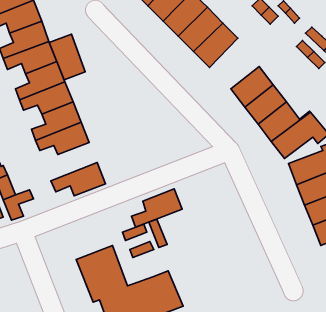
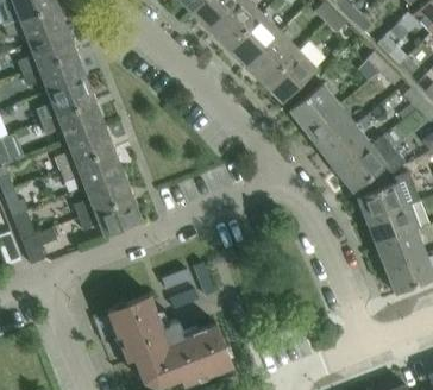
building: [49,34,85,80] -> none
building: none -> [264,50,316,102]
building: [132,189,182,227] -> [73,172,132,218]

